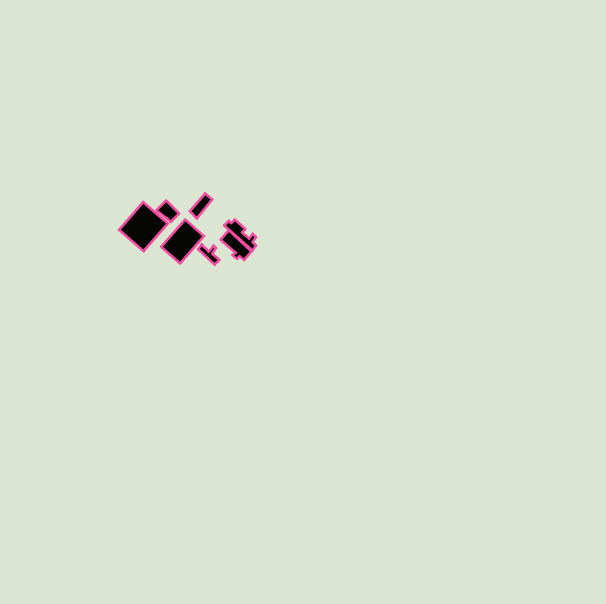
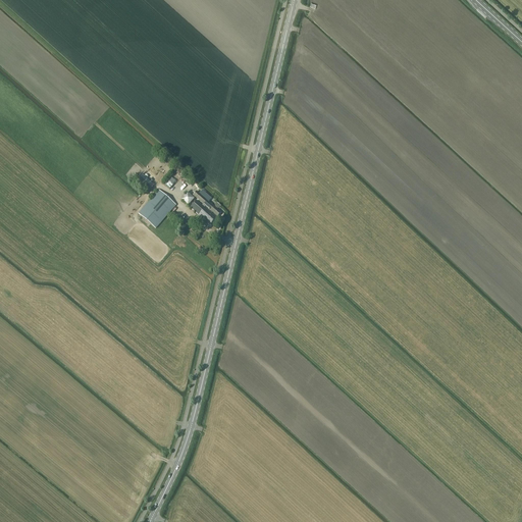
building: [119,202,168,251] -> none

